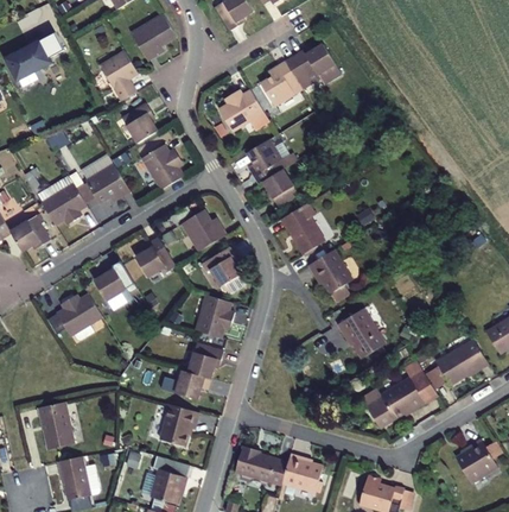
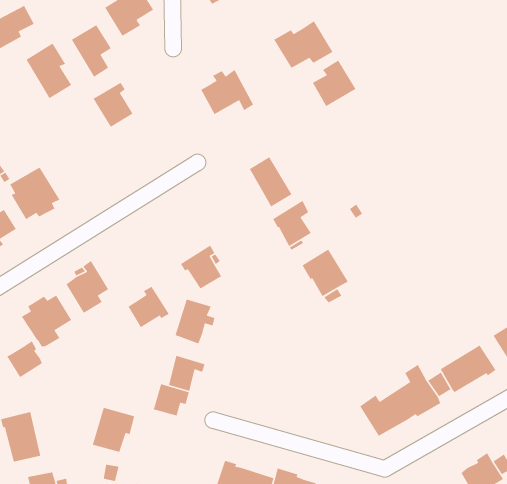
building: [260,58,301,102] -> [312,60,357,107]
building: none -> [25,43,72,99]
building: [244,134,285,181] -> none
building: [139,141,183,187] -> none
building: [85,164,131,203] -> none
building: [179,213,223,254] -> none
building: [133,240,172,279] -> [128,286,170,328]
building: [339,311,387,361] -> none
building: none -> [6,340,43,378]
building: [158,411,198,454] -> [92,407,135,453]

